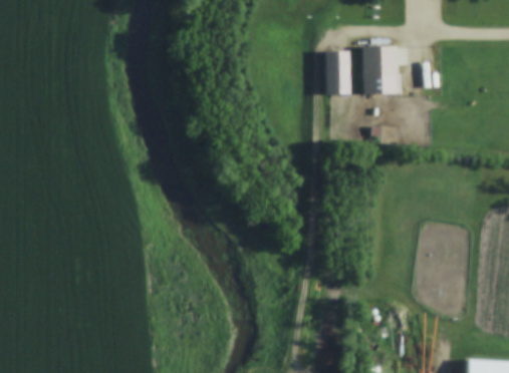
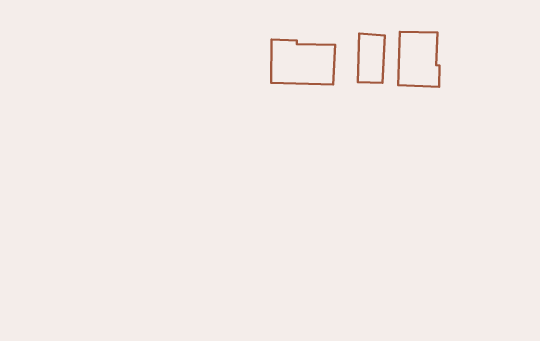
building: none -> [271,40,335,85]

